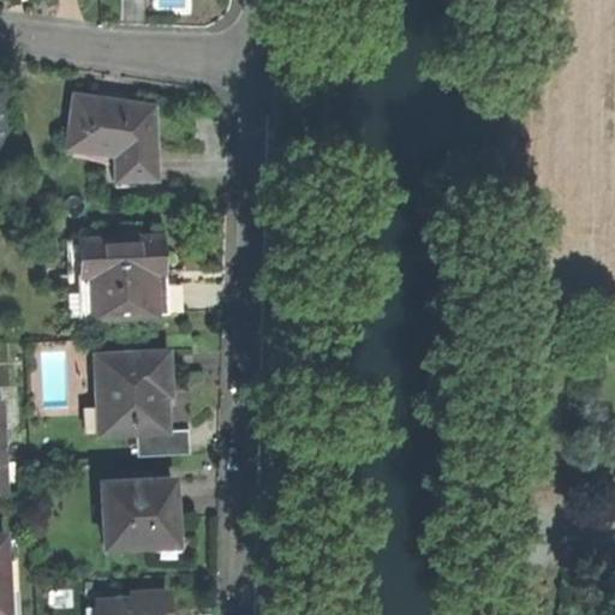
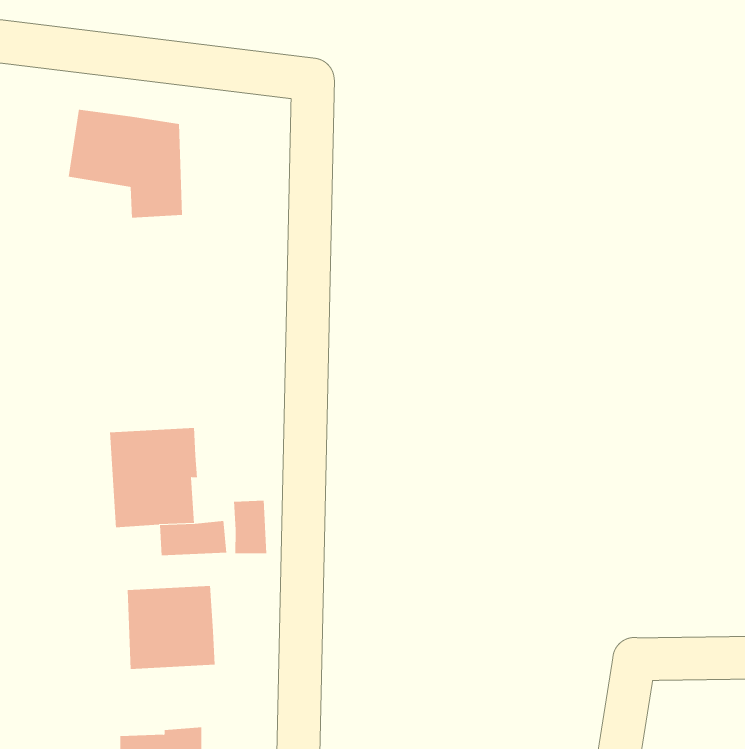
building: [79,234,161,316] -> none
building: none -> [234,500,267,554]

